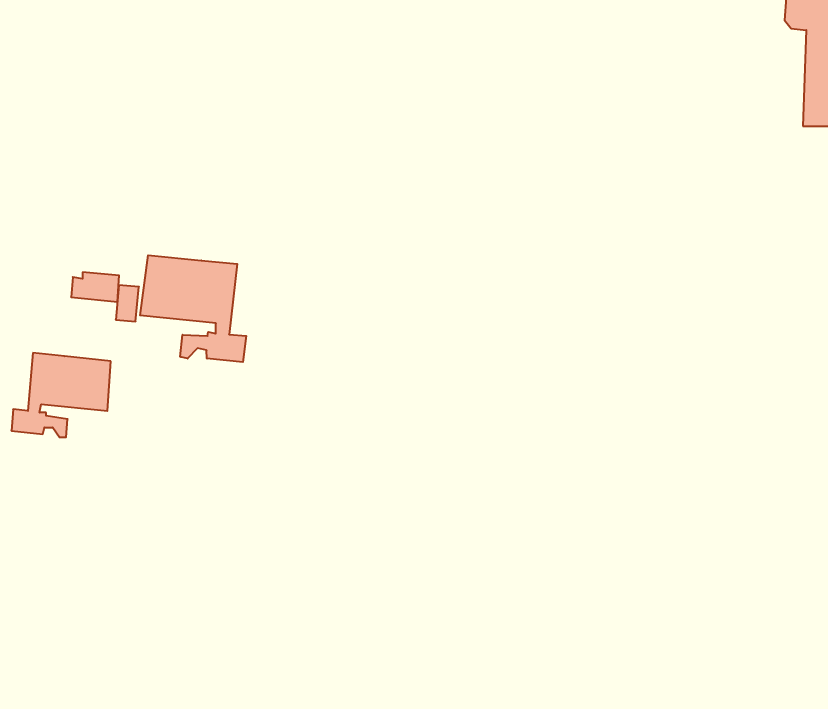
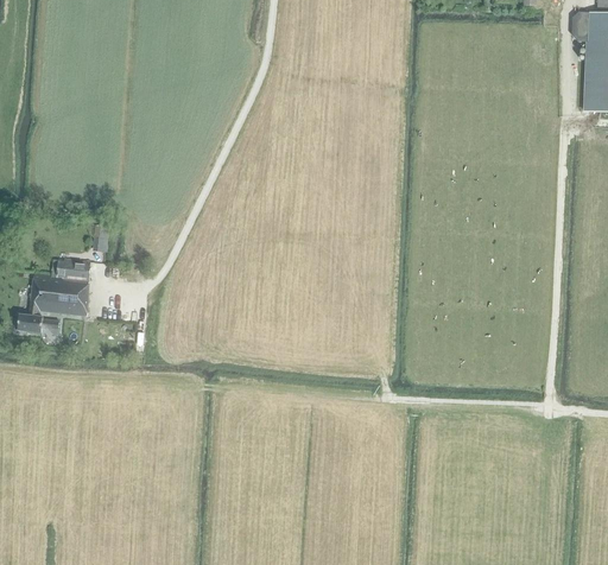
building: [140,255,246,362] -> none
building: [71,272,119,302] -> [56,259,90,280]

